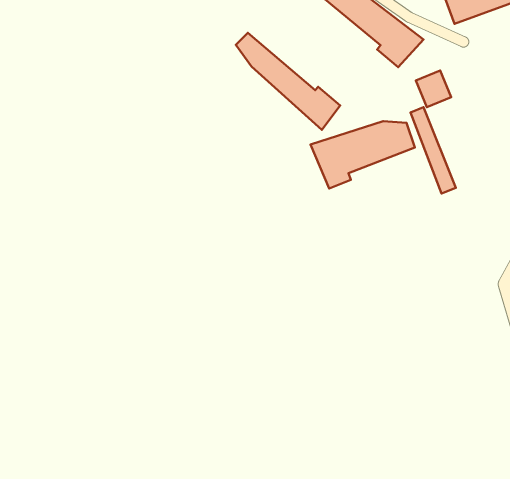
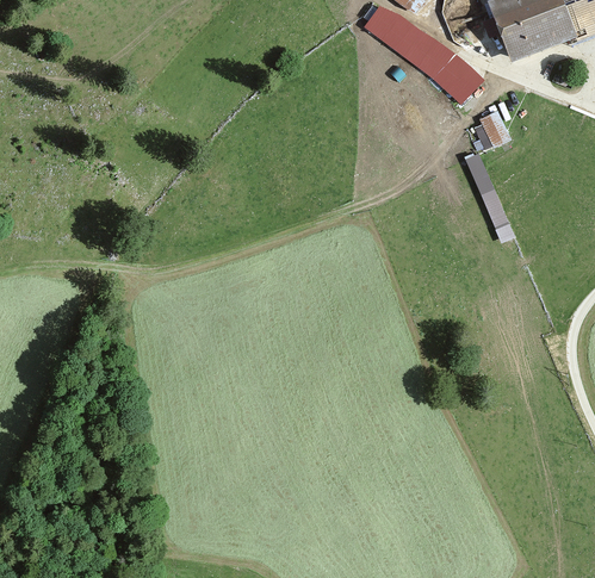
building: [236,33,340,130] -> none
building: [310,121,415,188] -> none

